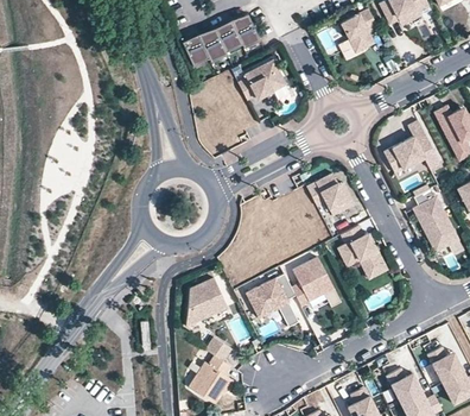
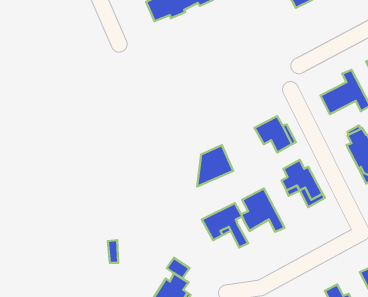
building: [239,61,286,100] -> none
building: [185,277,227,324] -> [197,145,233,186]

